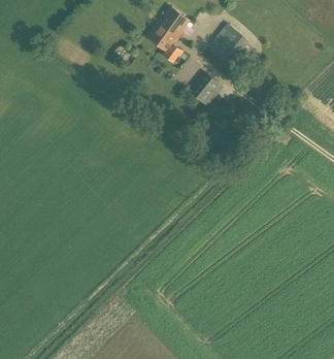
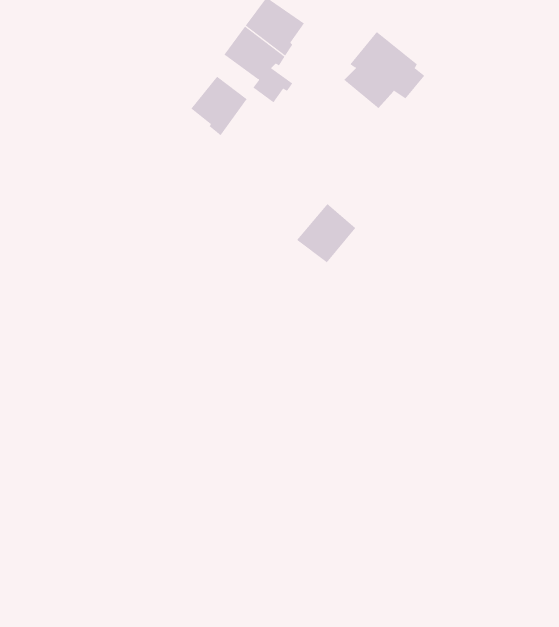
building: none -> [190,76,247,136]
building: [192,74,224,106] -> [296,203,356,263]

